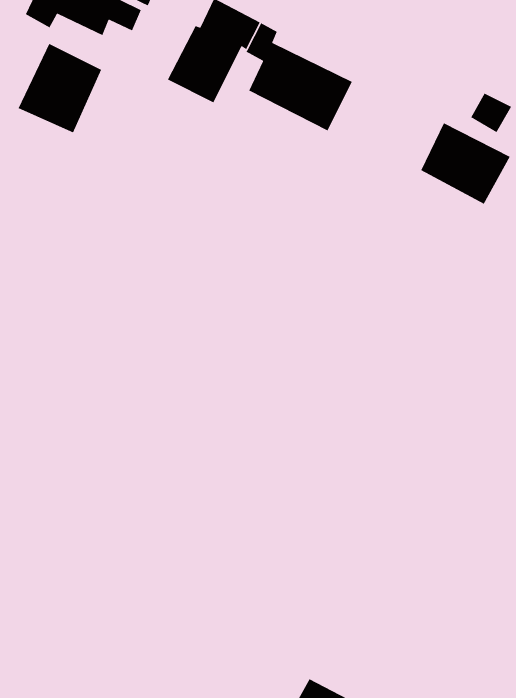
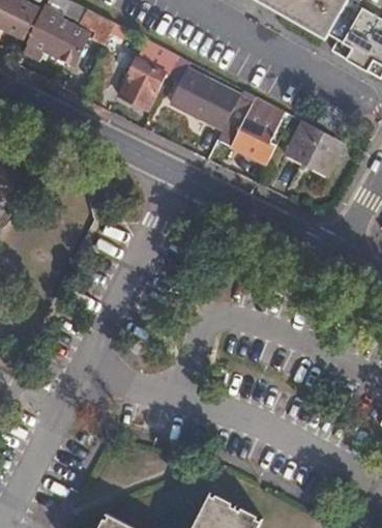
building: [18,43,102,134] -> none
building: none -> [217,90,284,166]

